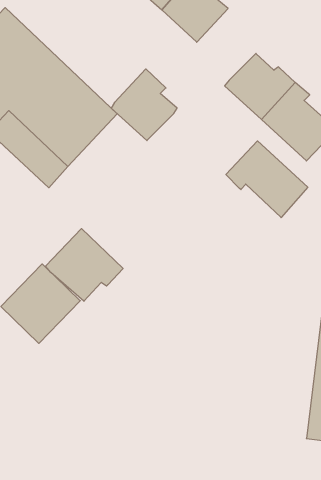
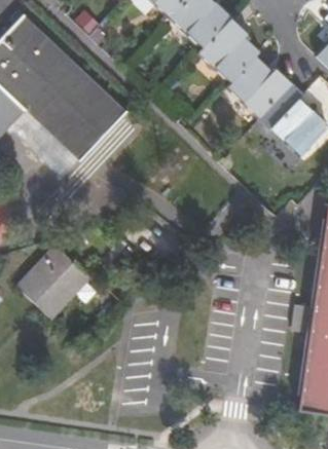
building: [111,69,177,141] -> [196,14,257,80]
building: [226,141,308,218] -> none
building: [45,229,123,301] -> none

